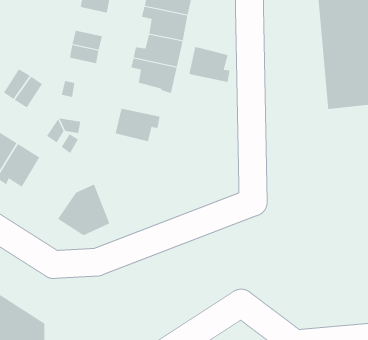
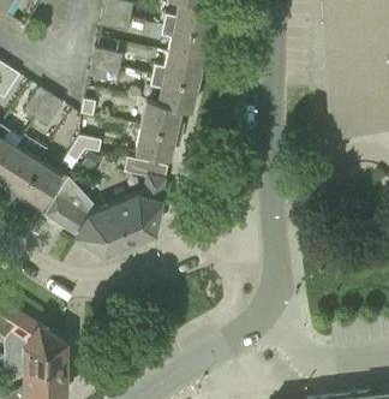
building: [188,47,231,83] -> [142,100,184,136]
building: none -> [115,159,168,243]
building: none -> [44,181,96,238]

